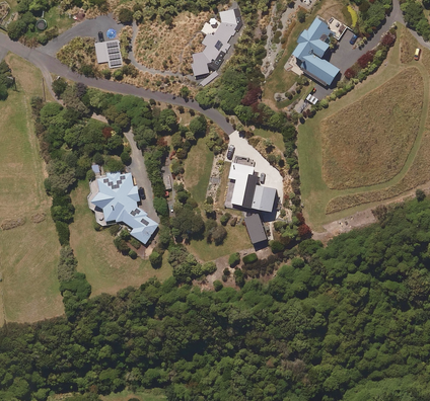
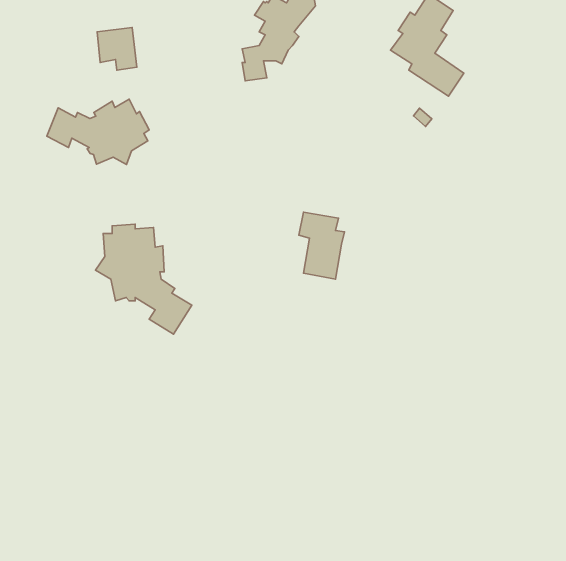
building: none -> [47,99,149,164]
building: [253,183,277,211] -> none
building: [243,213,267,243] -> none

